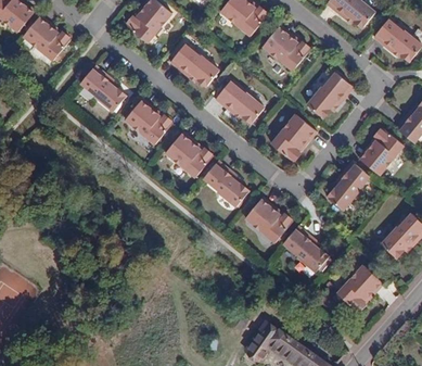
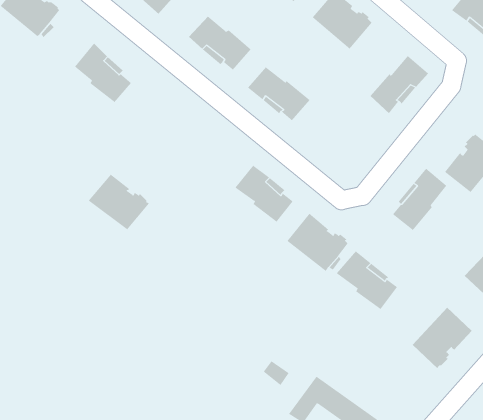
building: [124,99,171,142] -> [88,174,150,230]
building: [271,114,317,161] -> none
building: [165,131,213,176] -> none

